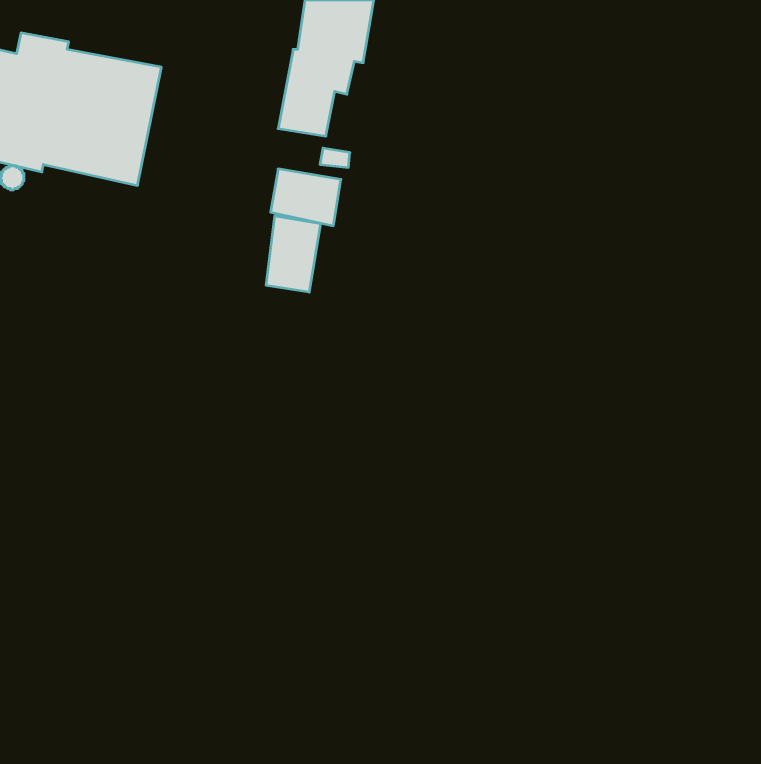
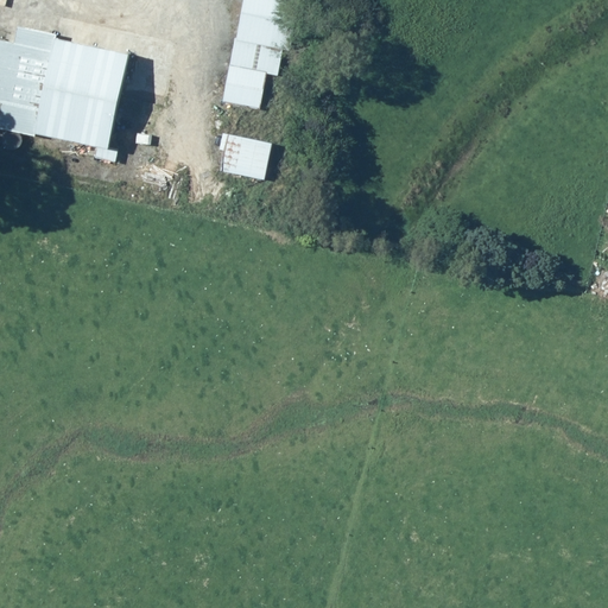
building: [266,216,321,292] -> none

